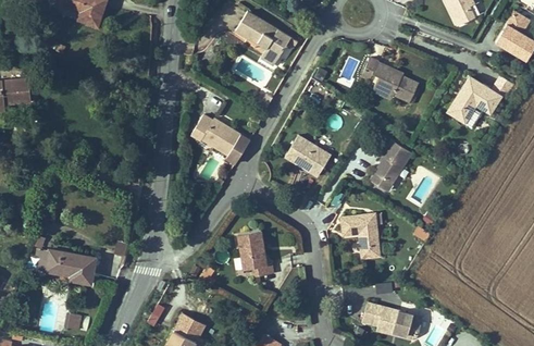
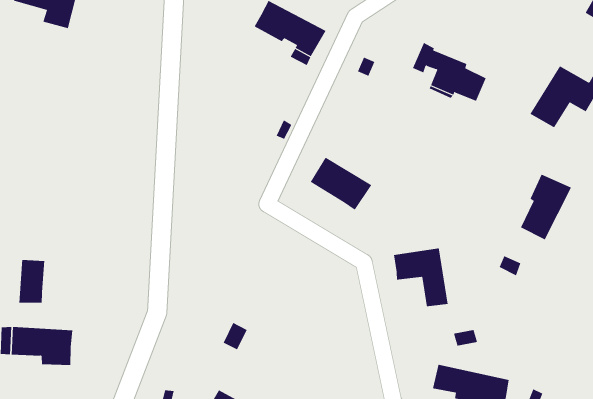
building: [191,114,250,163] -> none
building: [369,139,410,190] -> [520,174,572,240]
building: none -> [19,259,45,304]
building: [240,227,273,274] -> none

